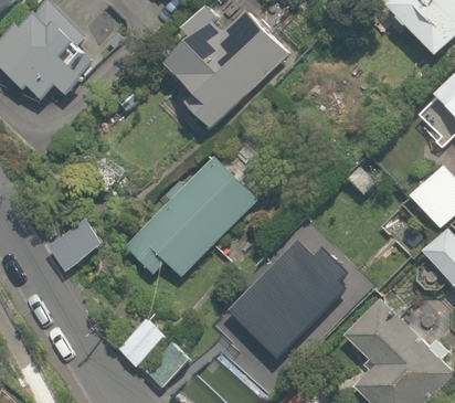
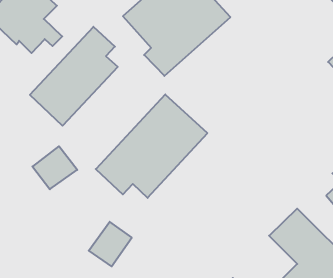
building: none -> [30,27,118,126]
building: [224,223,358,354] -> none

